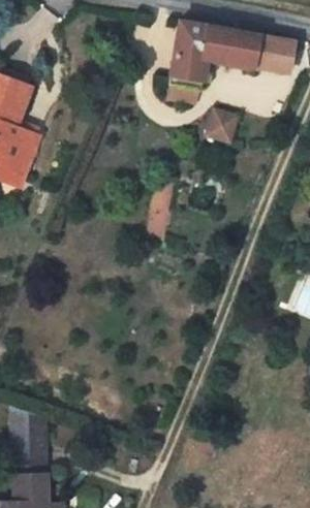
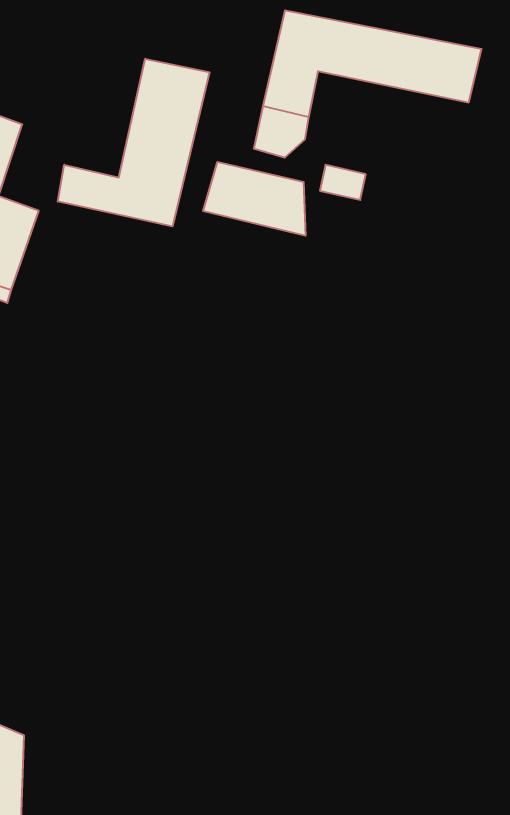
building: none -> [58,59,209,226]
building: none -> [203,162,306,236]

